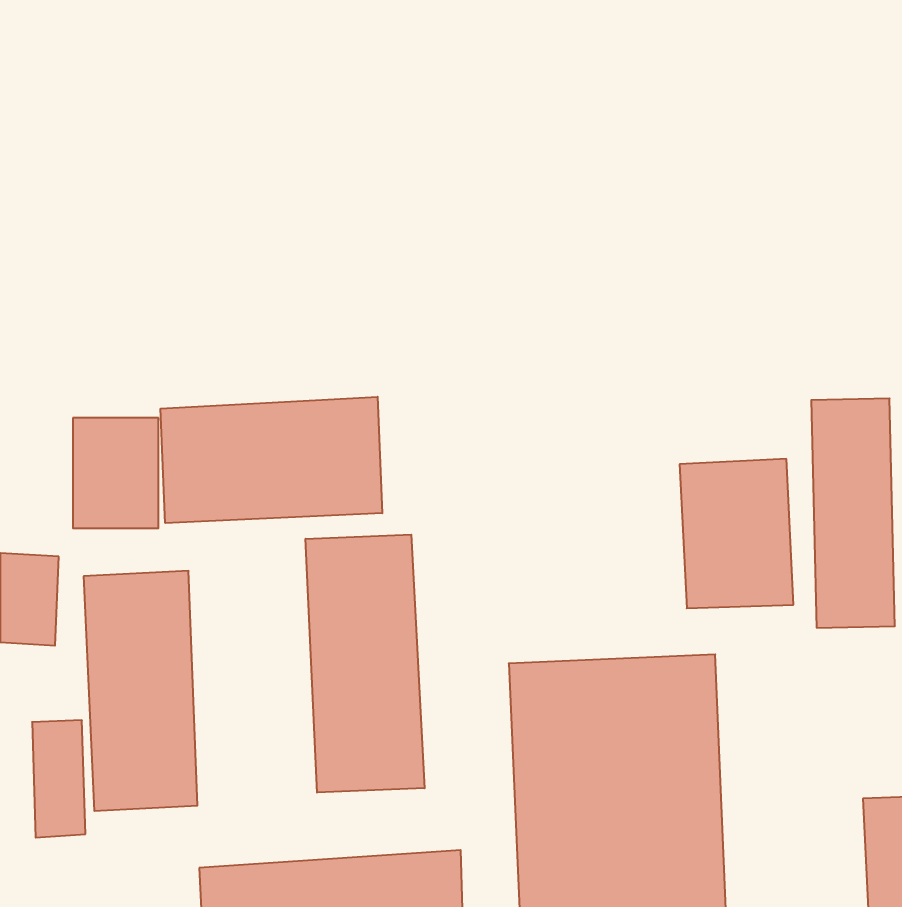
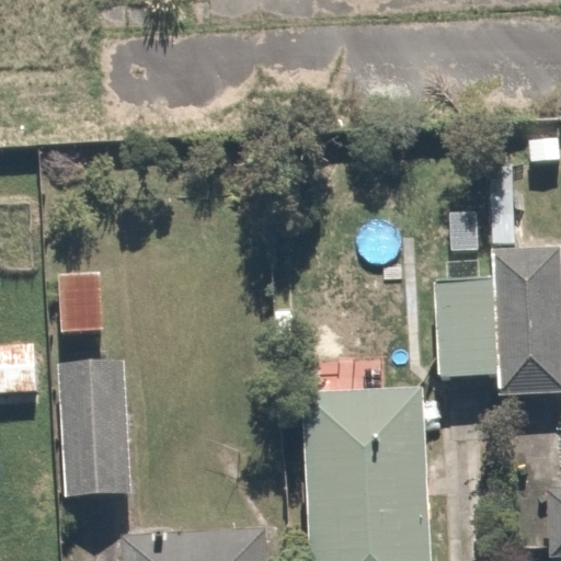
building: [161,397,382,523] -> none
building: [306,535,425,793] -> none

